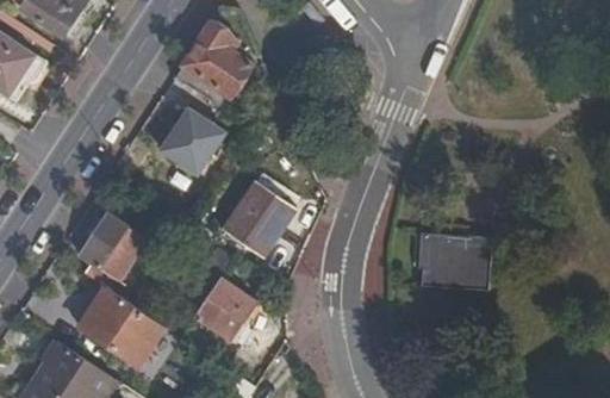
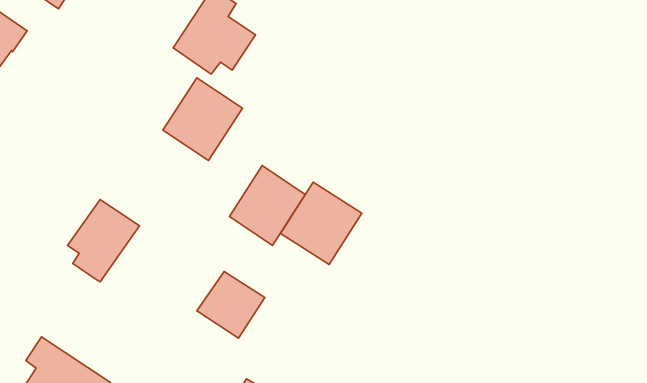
building: none -> [281,182,362,265]
building: [418,231,490,286] -> none
building: [77,287,162,365] -> none

